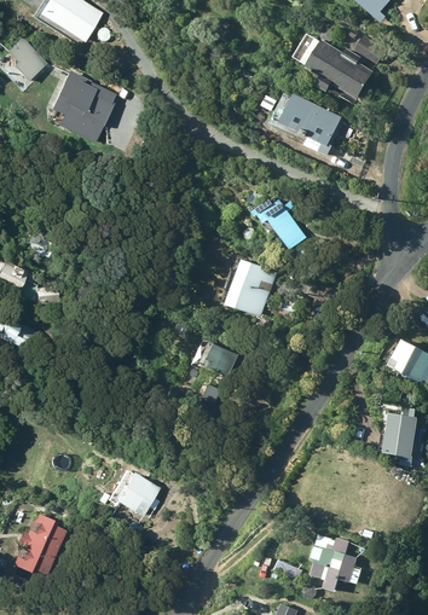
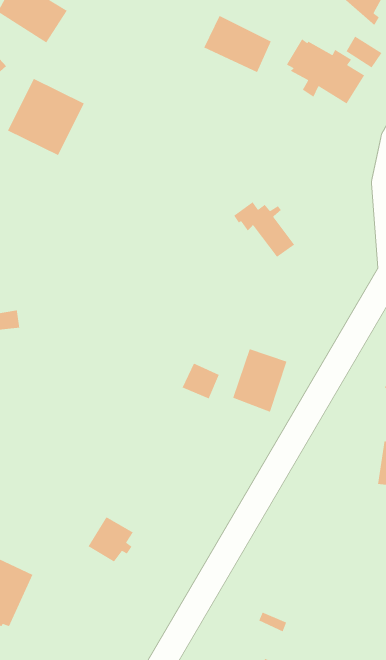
building: [277,93,340,146] -> [203,15,272,73]
building: [227,249,278,308] -> [232,348,288,413]
building: [308,538,362,592] -> none

